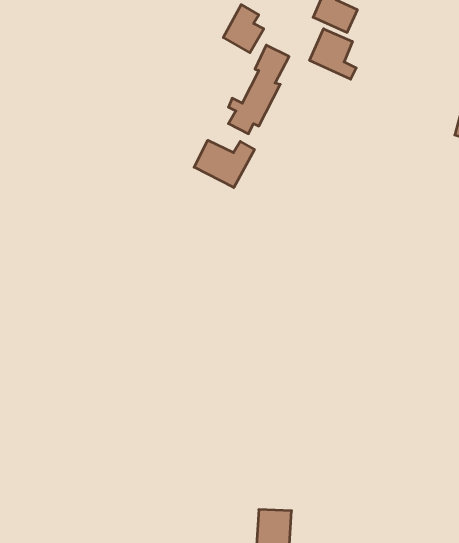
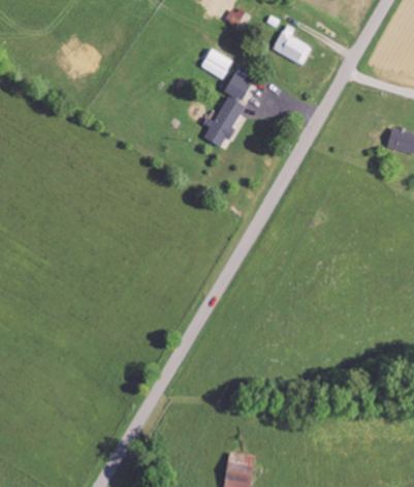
building: [310,29,356,79] -> none
building: [194,140,254,188] -> none

